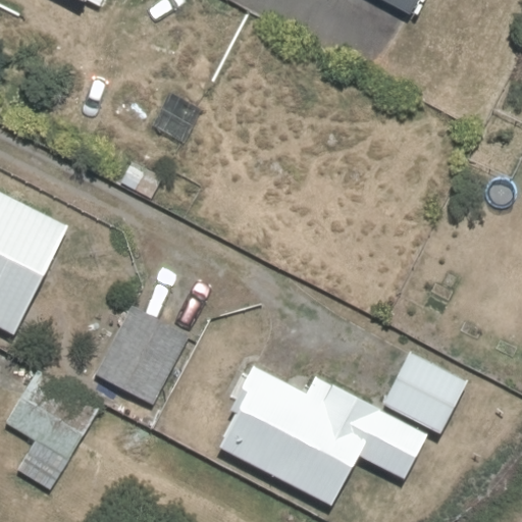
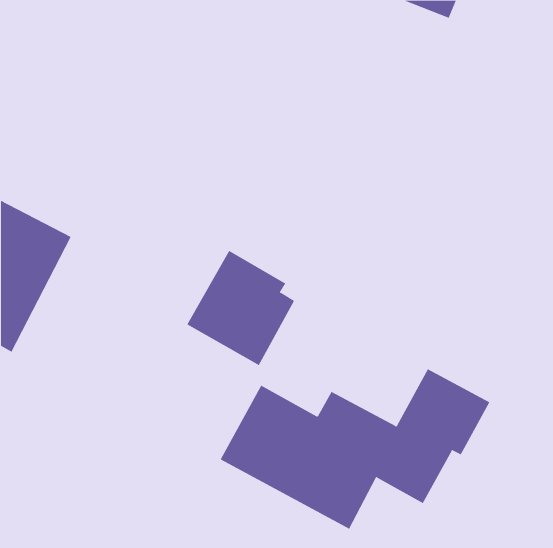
building: [93,305,195,414] -> [187,250,295,366]
building: [6,374,99,490] -> none

